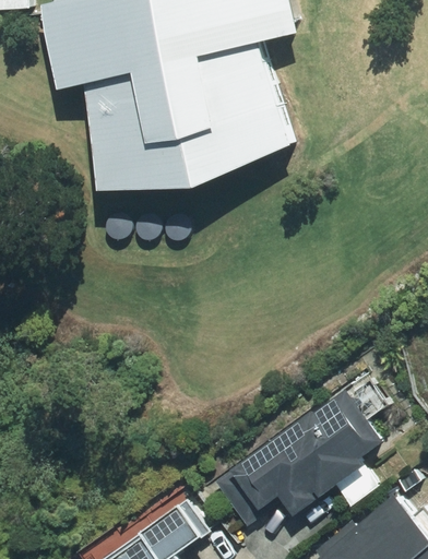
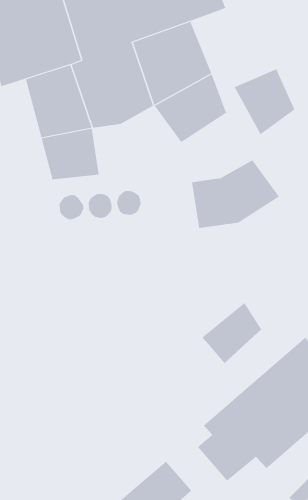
building: none -> [234,68,295,135]
building: [146,128,237,193] -> [191,160,280,228]
building: none -> [201,302,262,364]

